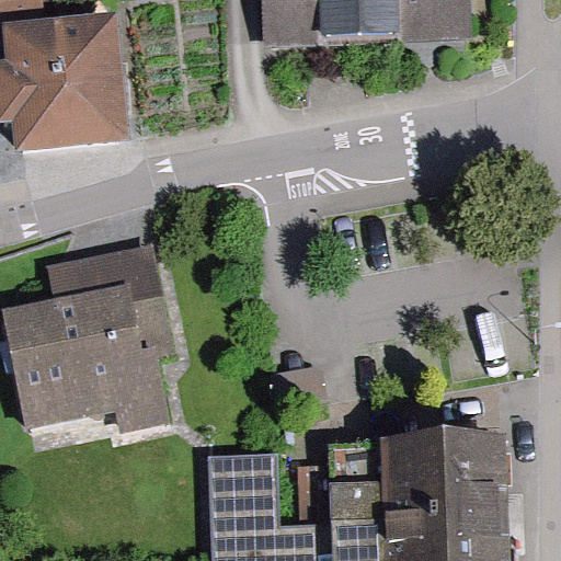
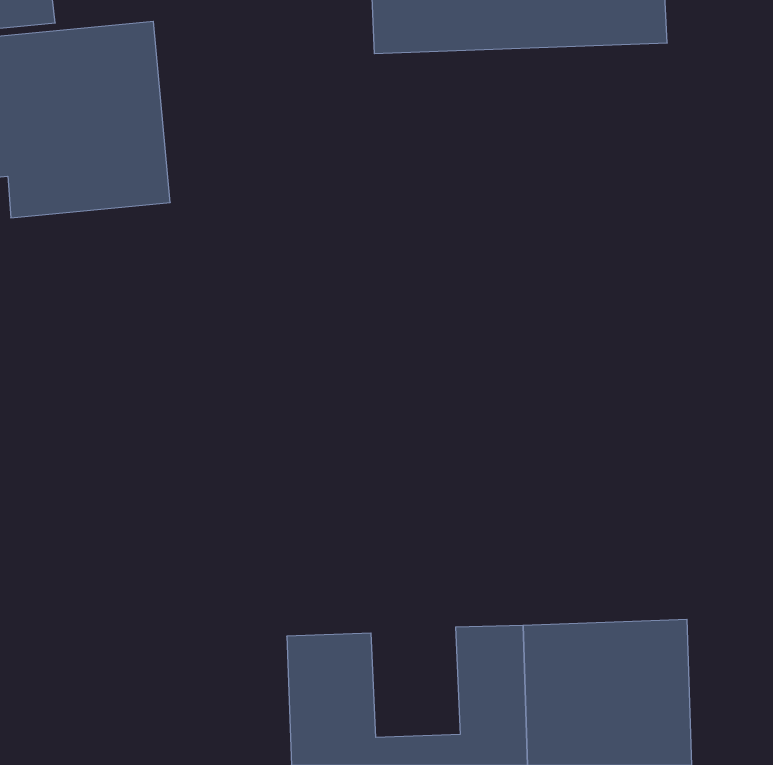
building: [12,251,187,440] -> none

